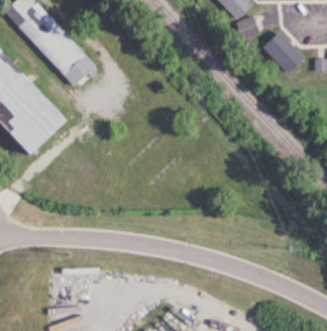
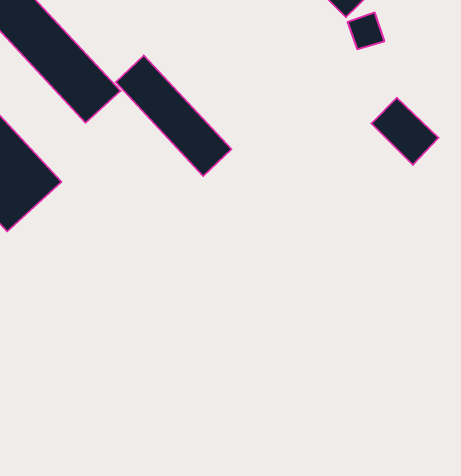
building: [263,31,306,74] -> [371,98,439,165]
building: none -> [116,55,231,176]

